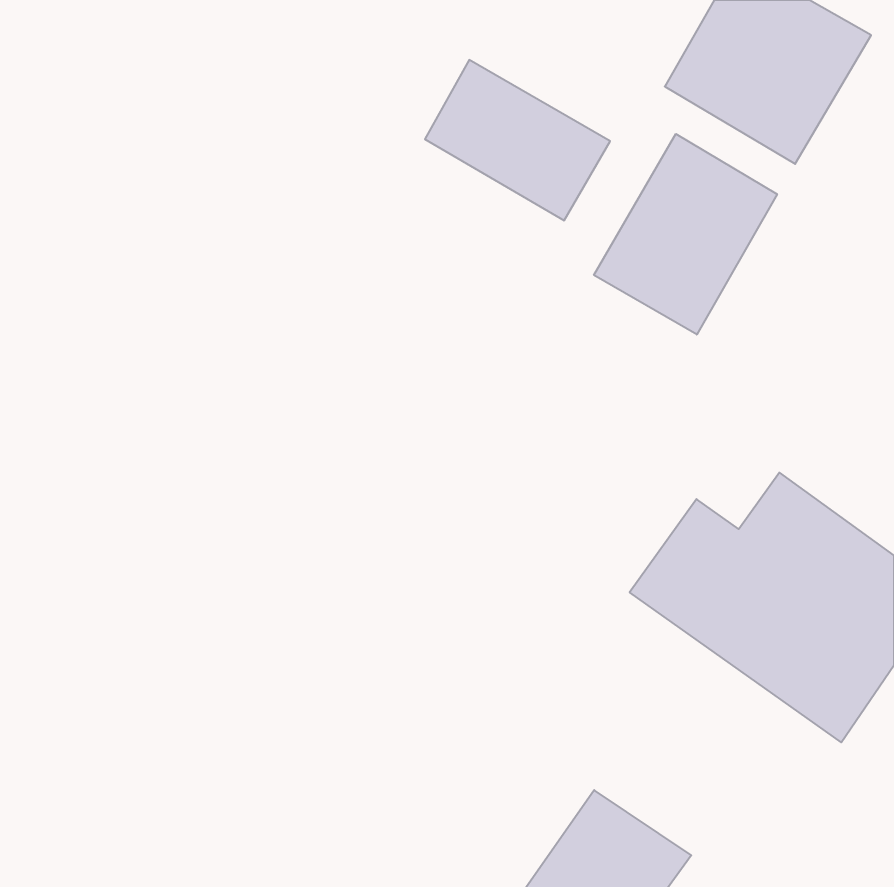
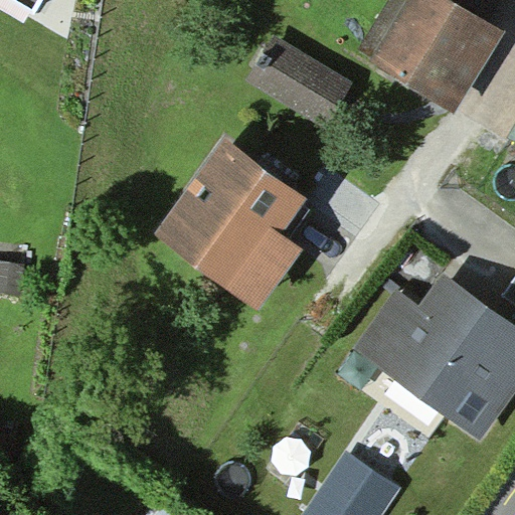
building: [594,134,777,335] -> none
building: none -> [165,142,300,297]

